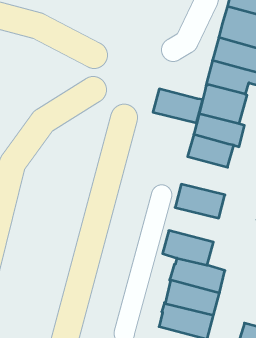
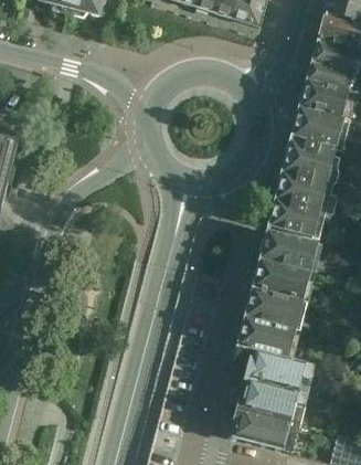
building: [153,89,203,123] -> [259,232,321,274]
building: none -> [244,289,306,332]

